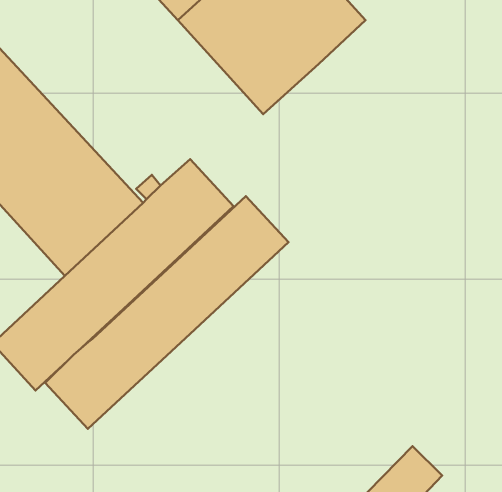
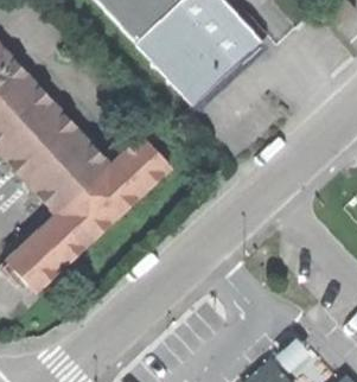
building: [45,196,288,429] -> none

